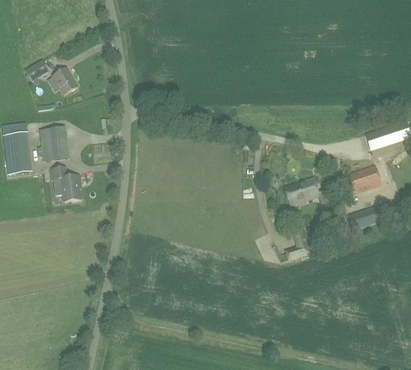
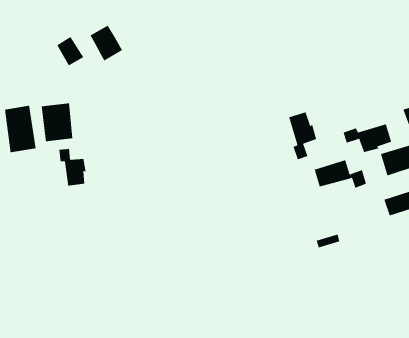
building: none -> [90,25,123,61]
building: none -> [288,112,317,160]
building: none -> [343,124,392,153]

